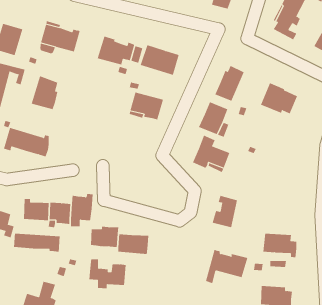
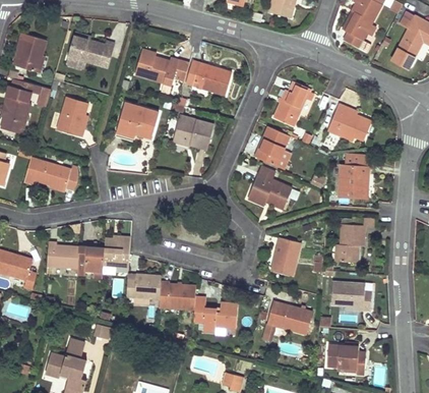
building: none -> [116,102,159,138]
building: none -> [338,155,369,198]
building: none -> [334,224,365,262]
building: [14,233,60,253] -> none
building: [89,259,126,289] -> [193,296,238,332]

